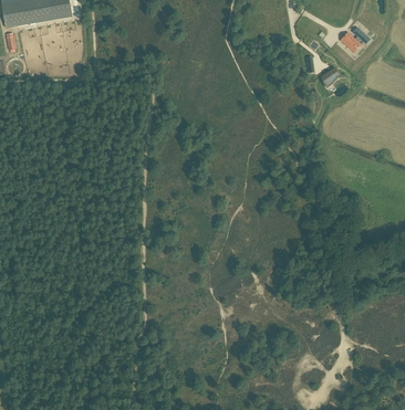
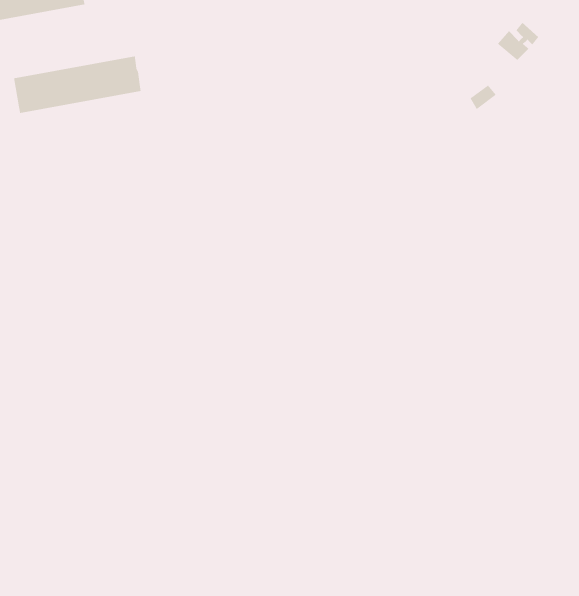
building: none -> [13,55,142,114]

